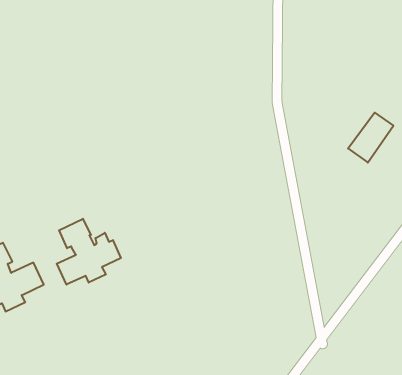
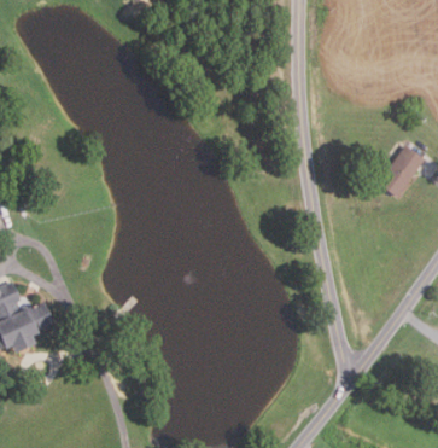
building: [57,219,121,285] -> none

